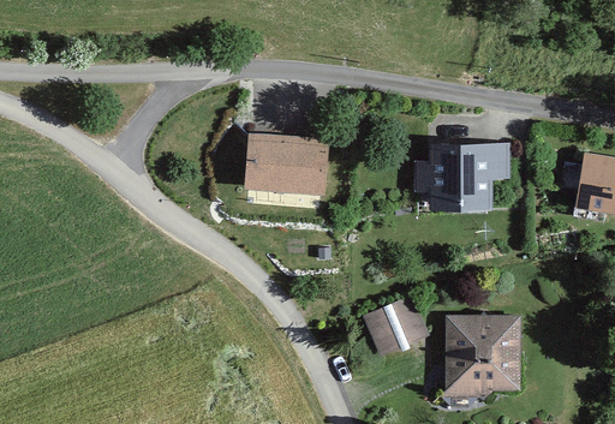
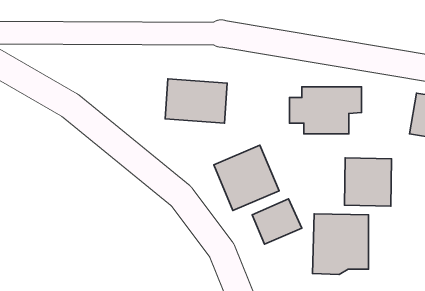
building: none -> [214,145,279,211]
building: none -> [344,158,392,206]

